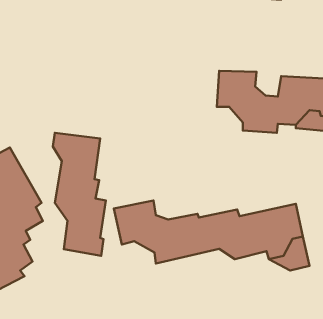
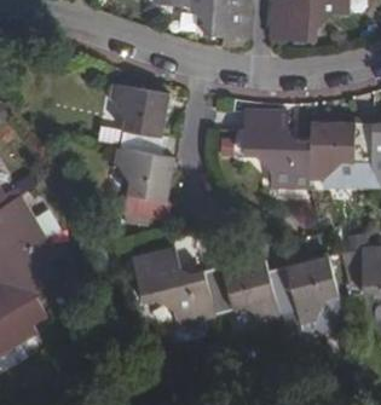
building: [53,133,106,256] -> [114,87,171,219]

